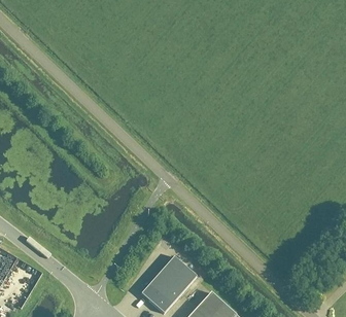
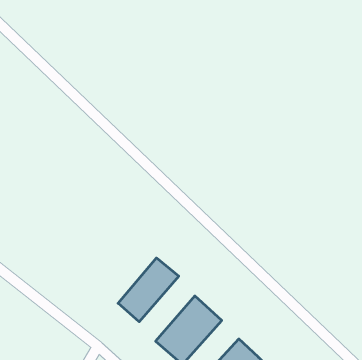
building: none -> [118,258,179,322]

